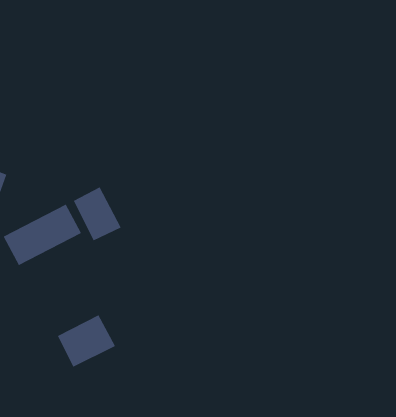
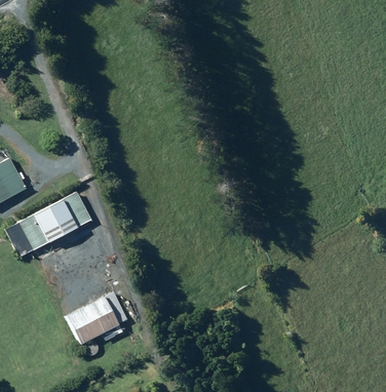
building: [73,187,121,241] -> none

